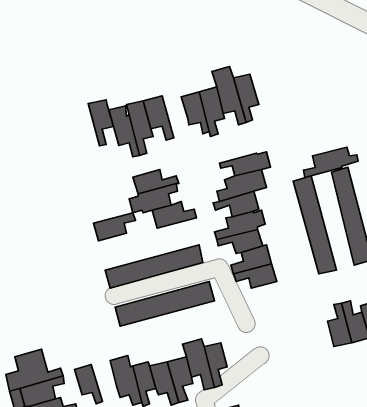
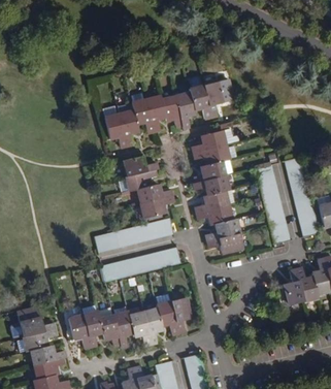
building: [88,100,114,146] -> [142,95,163,132]
building: [304,147,358,178] -> [188,128,232,153]
building: [94,213,136,241] -> [138,197,172,220]
building: none -> [84,305,105,346]

